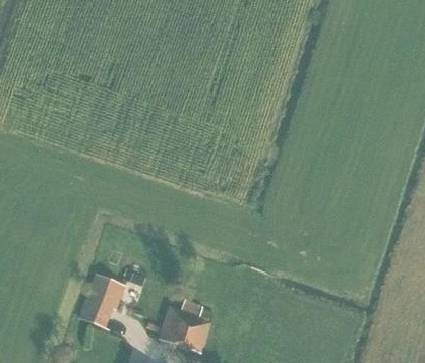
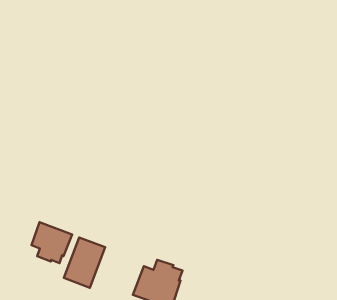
building: none -> [32,222,72,263]

